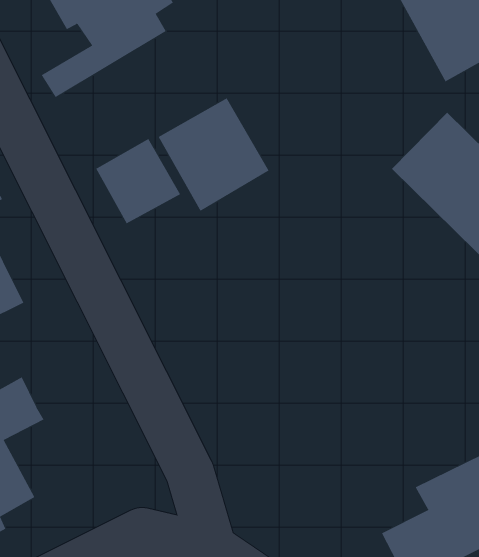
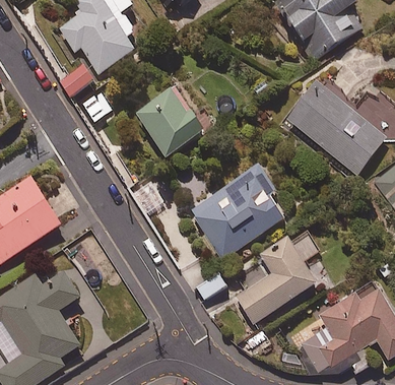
building: [95,138,181,224] -> none
building: none -> [187,165,281,261]
building: none -> [233,224,319,325]

